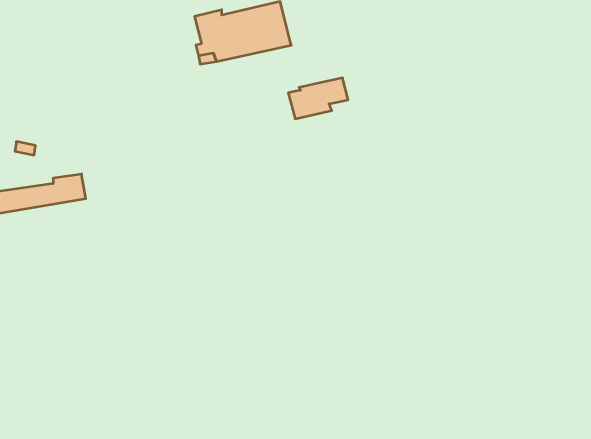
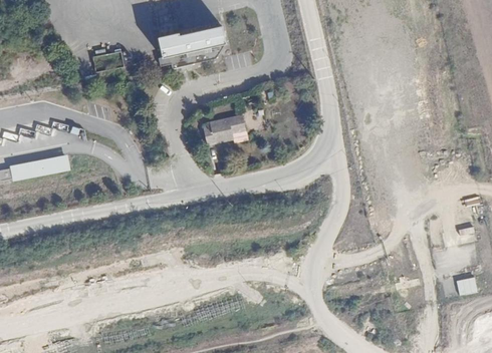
building: [288,78,348,119] -> [205,113,249,143]

